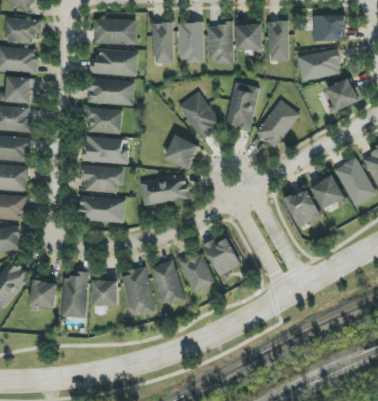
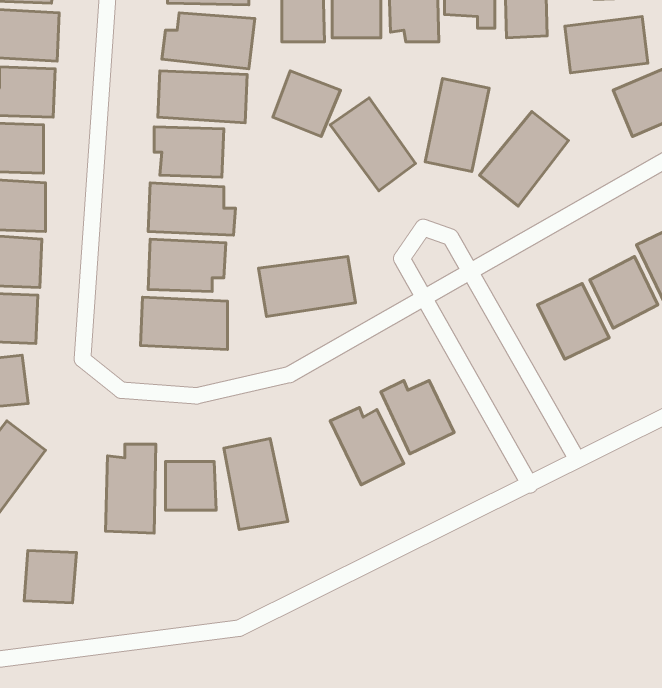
building: [165,135,200,169] -> [273,71,340,137]
building: [150,260,184,305] -> none
building: [30,280,57,307] -> [24,551,76,603]

